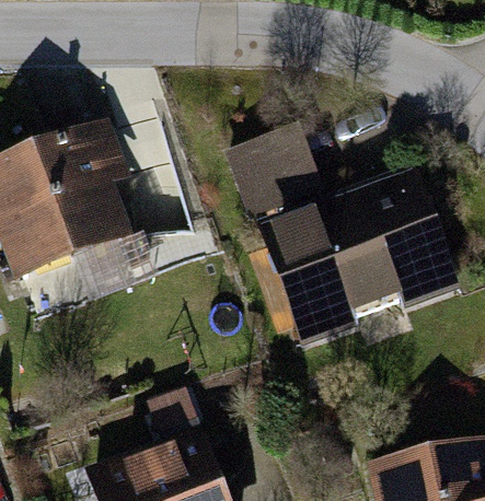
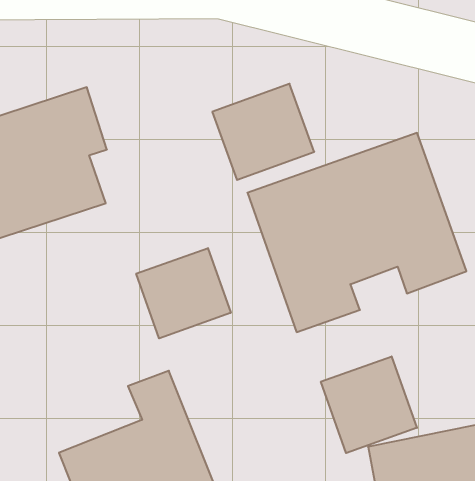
building: none -> [136,248,231,338]
building: none -> [321,356,417,453]

